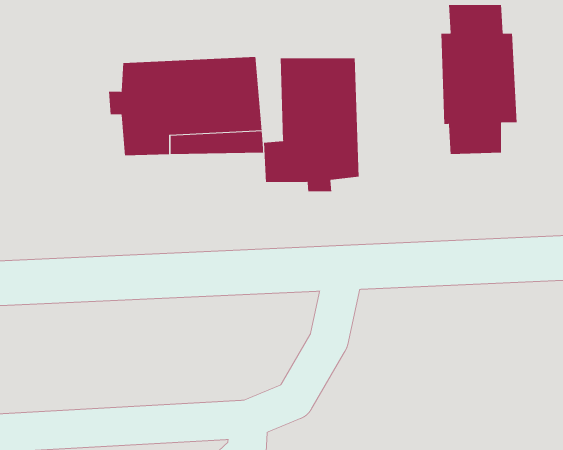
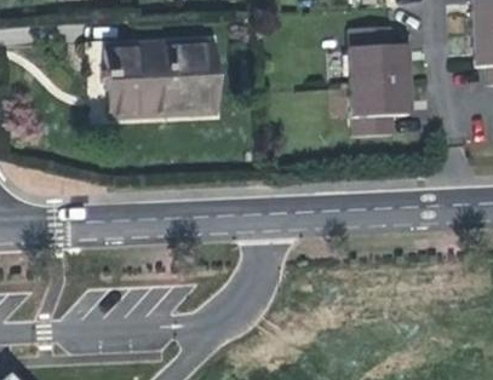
building: [264,58,359,192] -> none

